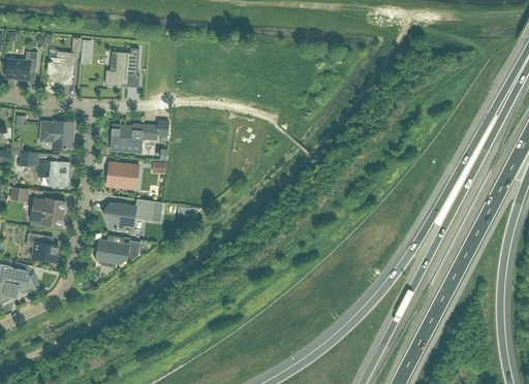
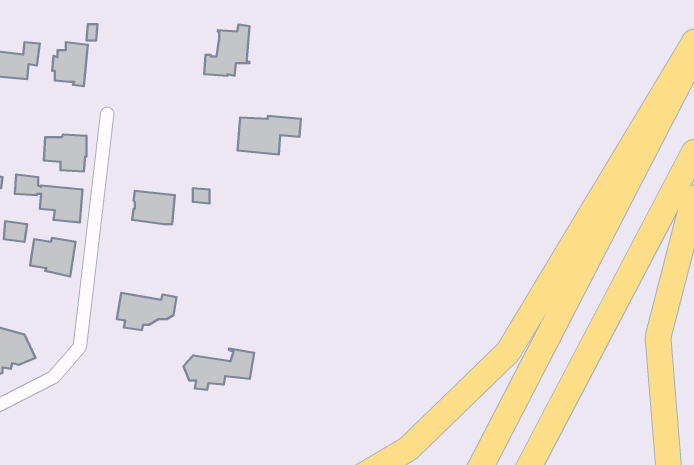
building: [104,47,138,86] -> [204,25,250,76]
building: [110,124,157,153] -> [237,116,301,155]
building: [102,198,155,229] -> [184,349,254,390]
building: [25,232,58,261] -> none

